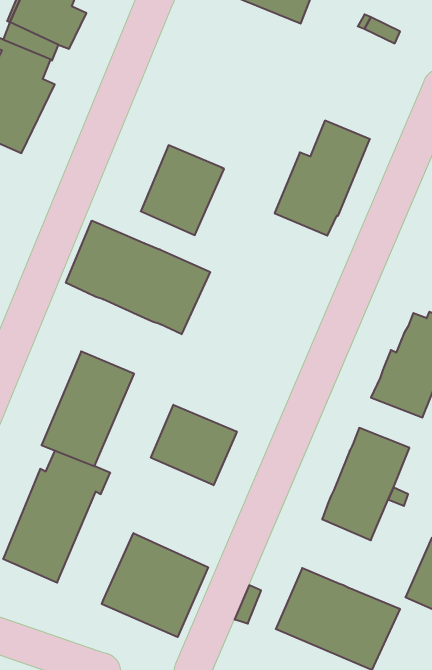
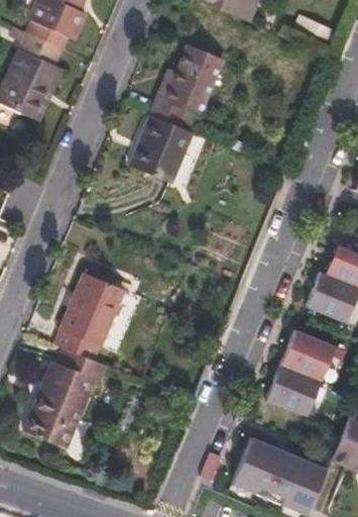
building: [275,121,370,236] -> [150,43,223,131]
building: [66,221,210,334] -> none
building: [151,405,237,485] -> none
building: [102,533,208,637] -> none

